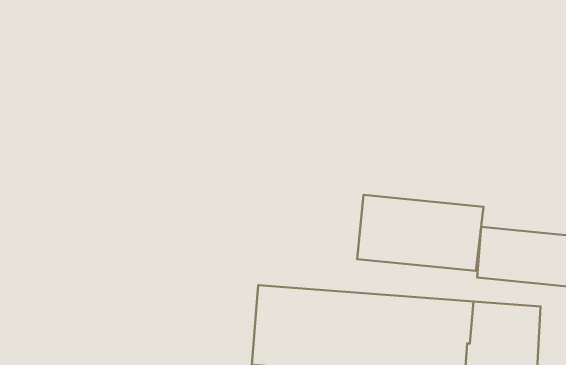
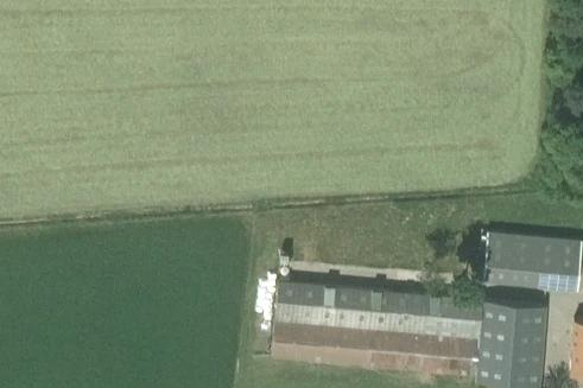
building: [357,195,484,271] -> none

